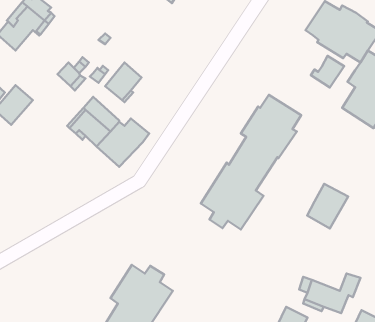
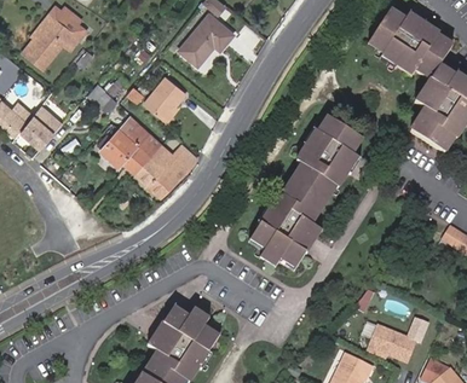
building: none -> [178,16,232,68]
building: [311,56,344,88] -> none
building: [307,184,348,228] -> none

